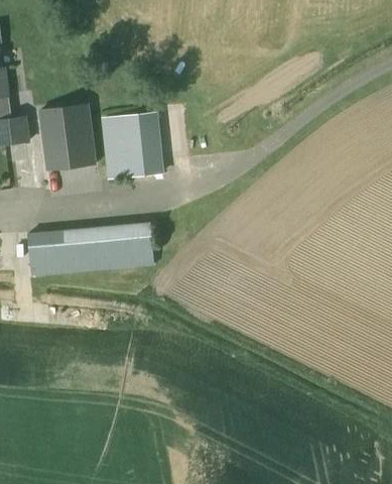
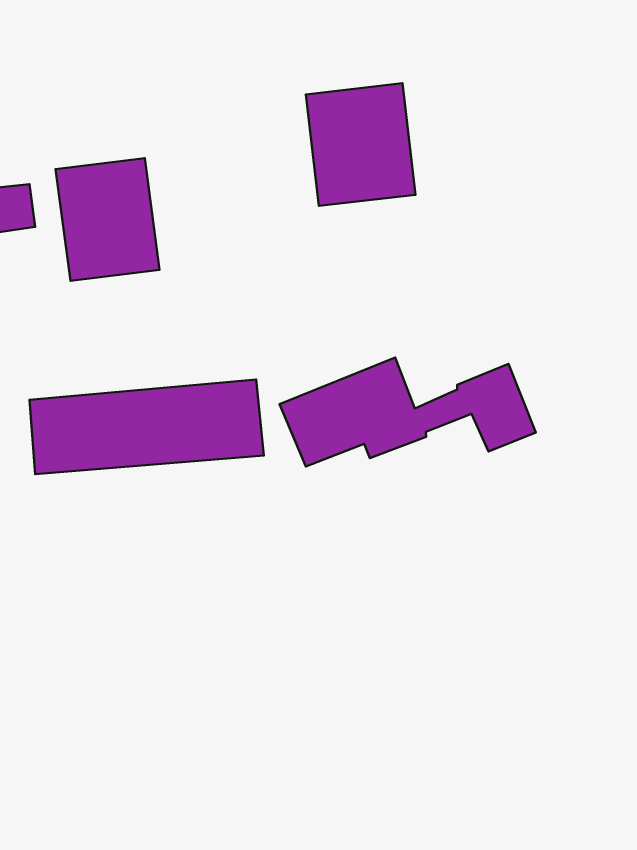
building: [103,112,162,178] -> [306,83,416,206]
building: none -> [280,357,536,466]

